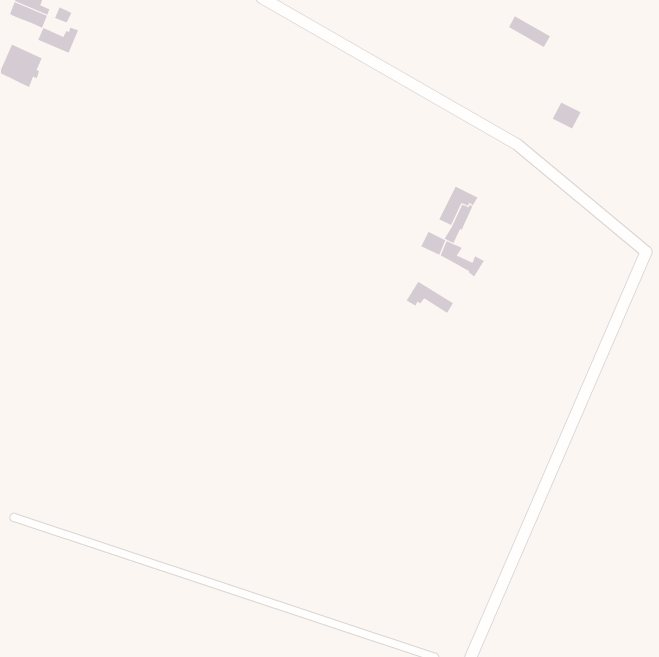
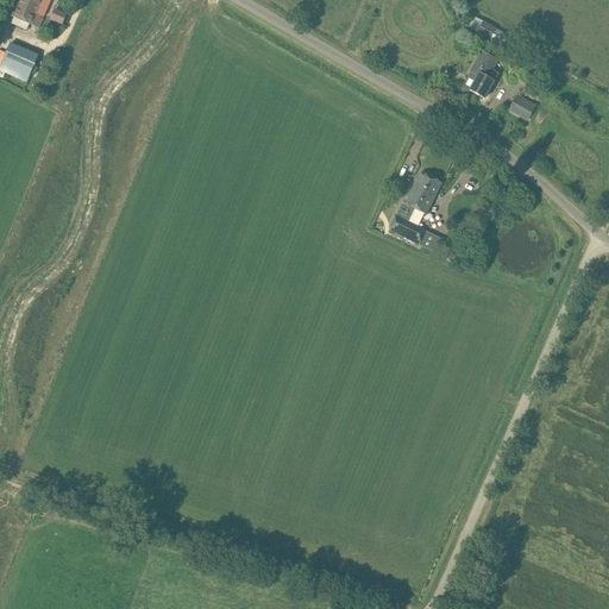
building: [38,27,79,54] -> none
building: none -> [462,50,497,96]
building: [406,281,454,314] -> none

